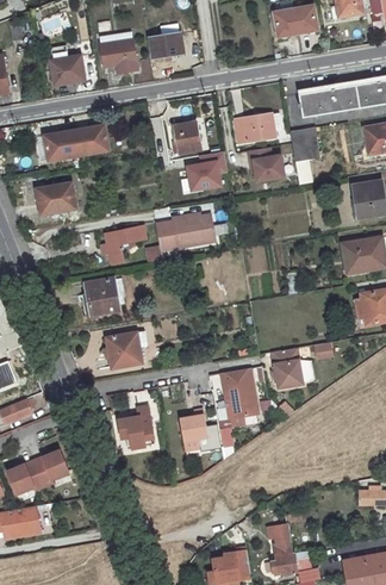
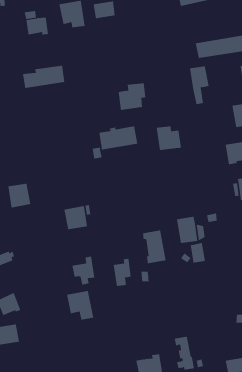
building: [235,112,280,143] -> none
building: [173,123,200,154] -> none
building: [247,148,285,183] -> [156,126,182,150]
building: [37,183,75,214] -> none
building: [101,226,145,263] -> none
building: [85,279,119,316] -> [8,183,31,208]
building: none -> [190,242,205,263]
building: [32,449,68,486] -> none
building: none -> [66,290,94,321]

